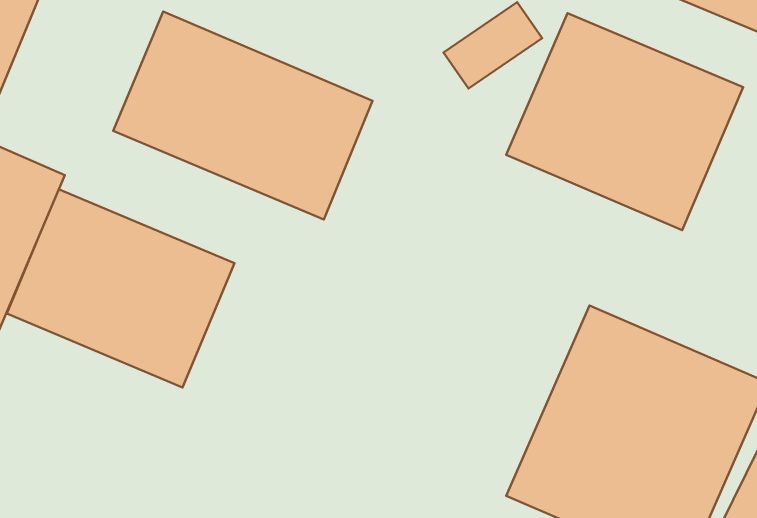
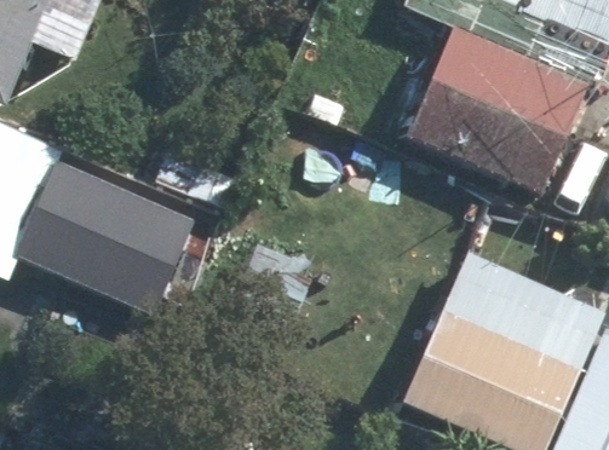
building: [113,11,373,219] -> none

